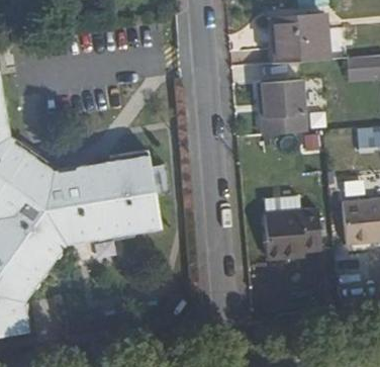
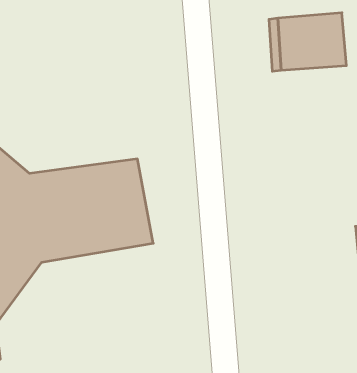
building: [261,87,305,143] -> none
building: [261,195,319,252] -> none

